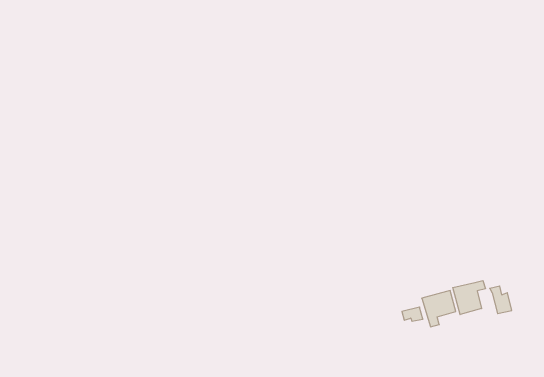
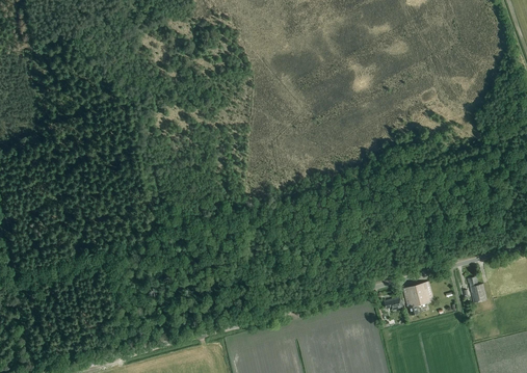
building: [453,281,485,315] -> none

